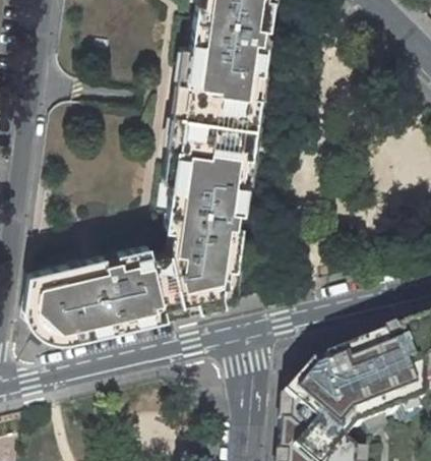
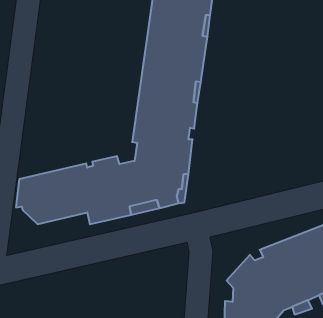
building: [24,299,117,336] -> none

